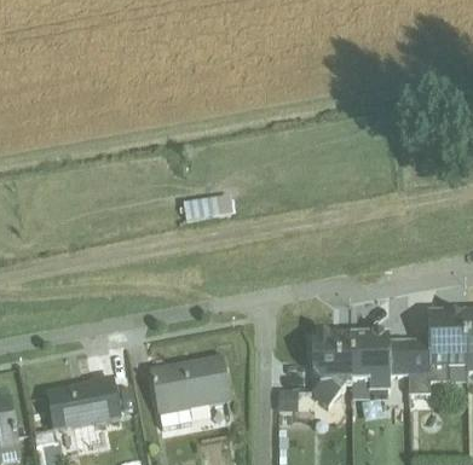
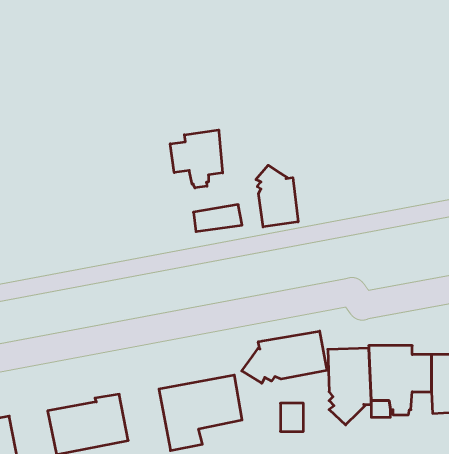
building: none -> [170,130,223,188]
building: none -> [256,165,298,227]
building: none -> [242,331,327,383]

